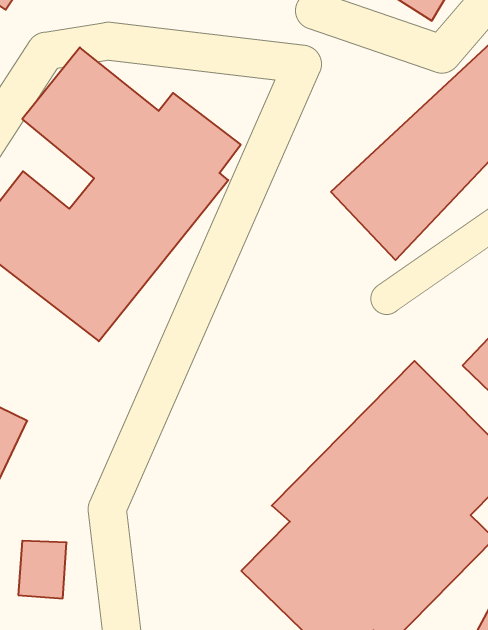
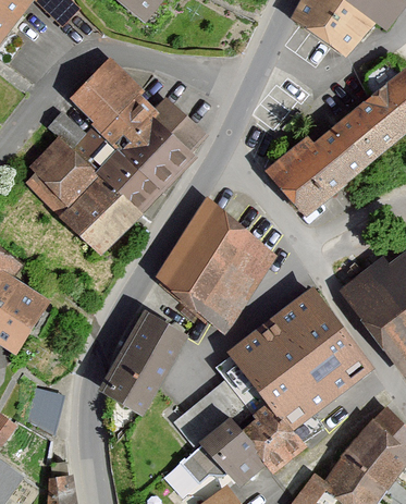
building: none -> [151,202,279,331]
building: none -> [100,311,188,415]

